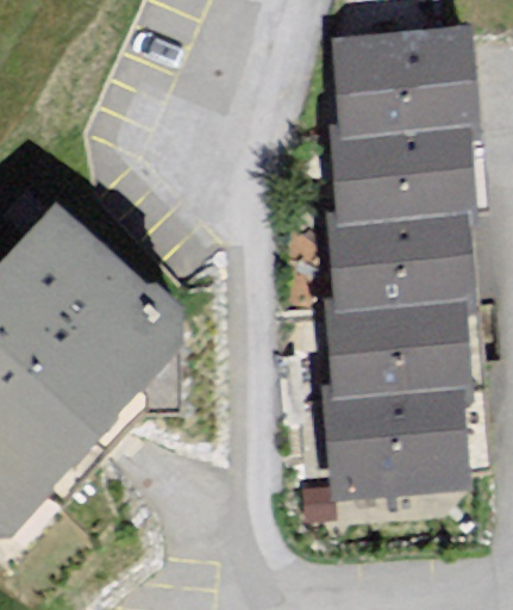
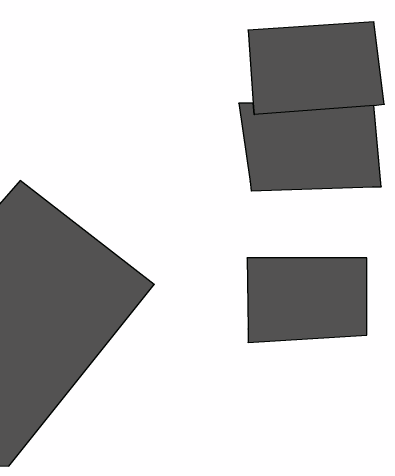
building: [326,210,487,300] -> none
building: [325,381,480,502] -> none

